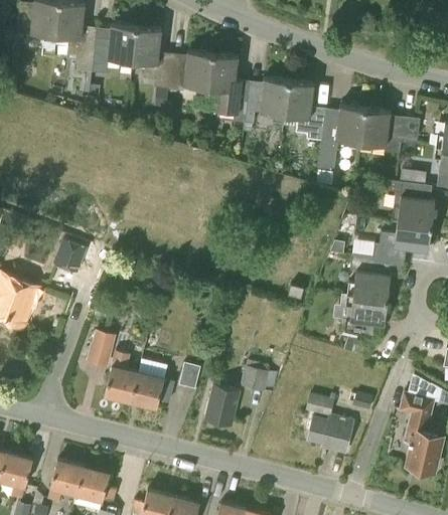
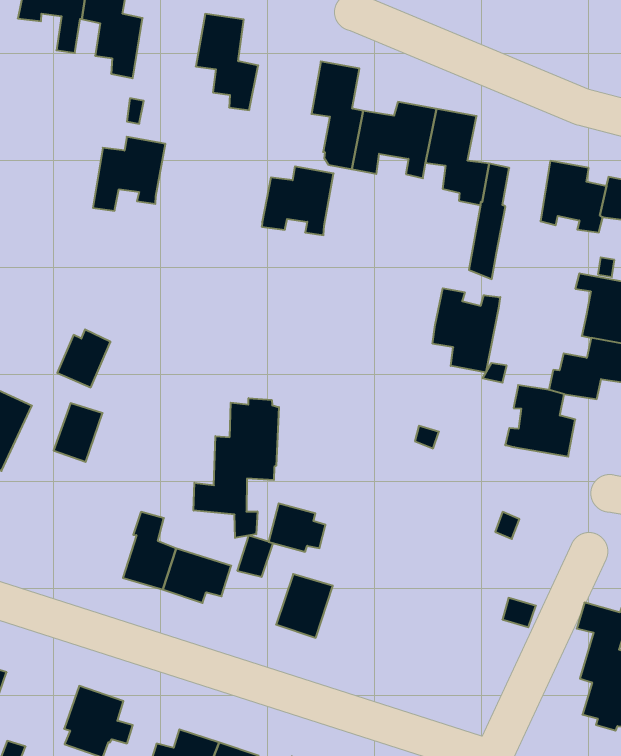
building: [92,24,136,72] -> [93,137,165,211]
building: [168,50,212,94] -> [262,166,334,235]
building: [335,105,364,148] -> none
building: none -> [433,288,500,373]
building: none -> [194,398,279,538]
building: [340,294,388,339] -> none
building: [86,329,116,366] -> [54,403,103,462]
building: [240,361,276,391] -> [268,503,326,552]
building: [305,393,353,452] -> none
building: [48,460,81,502] -> none

